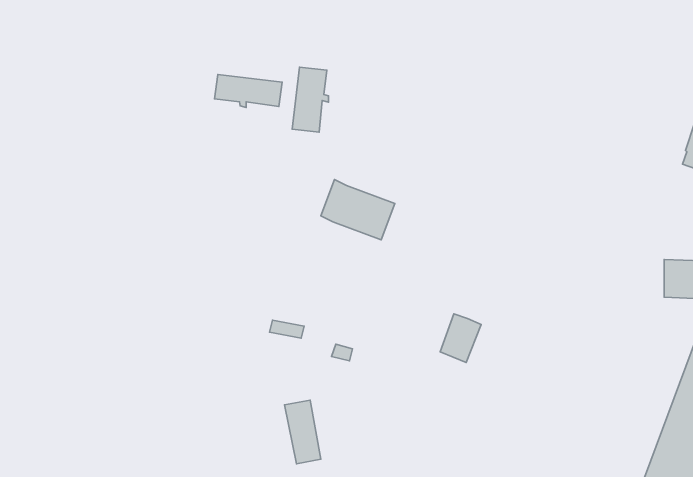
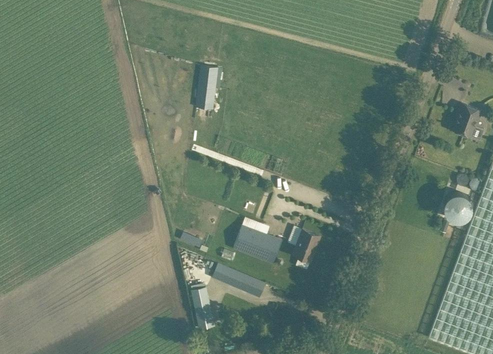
building: [214,74,282,107] -> none
building: [321,179,395,240] -> [233,224,282,264]
building: none -> [211,263,265,298]

